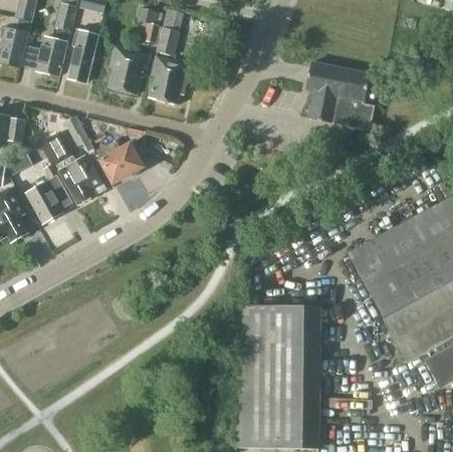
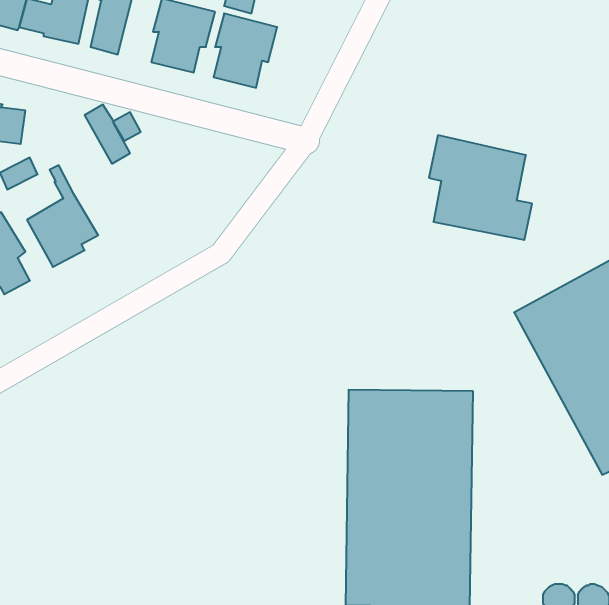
building: [305,60,374,130] -> [429,135,532,240]
building: [42,139,105,204] -> none
building: [94,139,142,182] -> none

